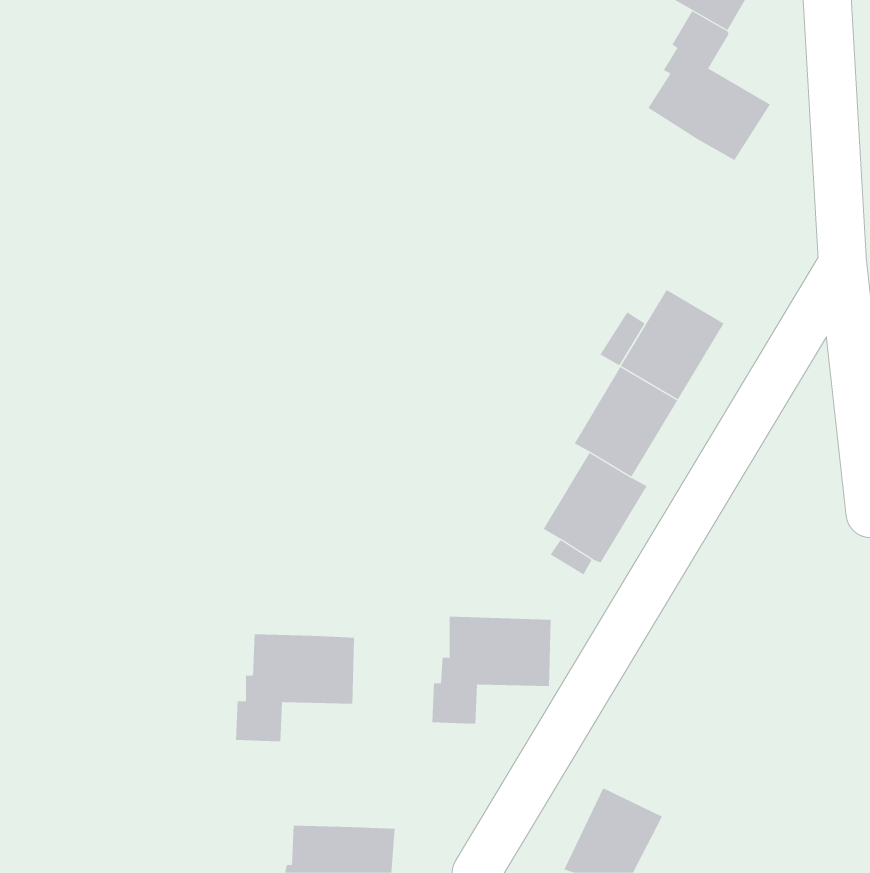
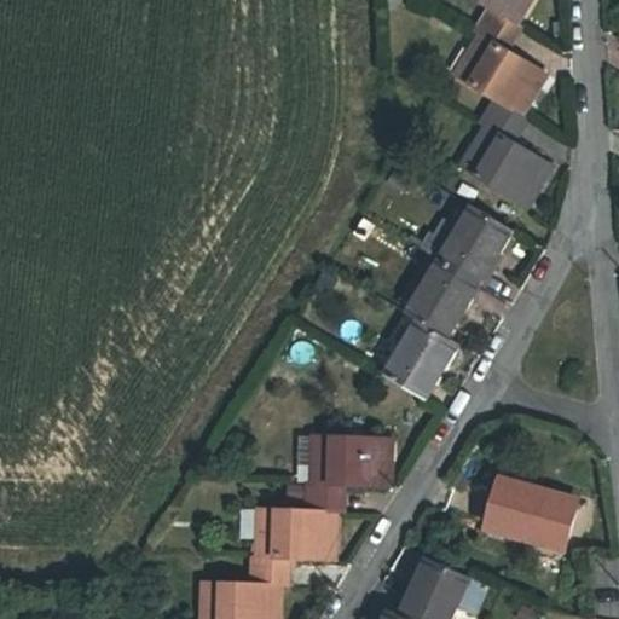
building: none -> [463,99,549,206]
building: [235,634,355,742] -> [249,509,334,585]
building: none -> [484,479,577,548]

